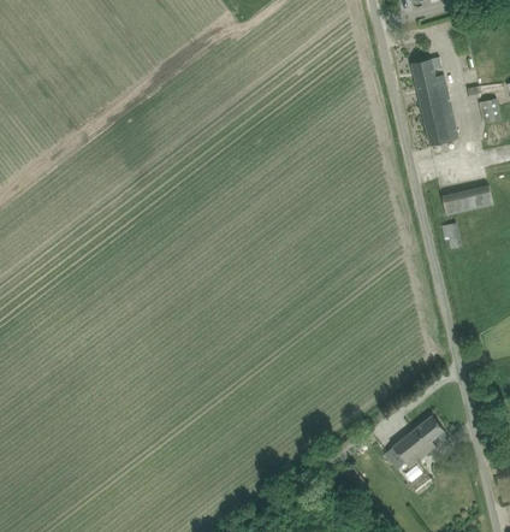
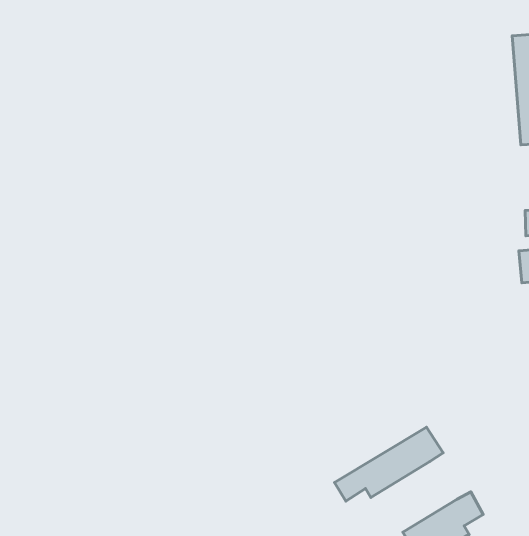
building: none -> [335,427,443,501]

